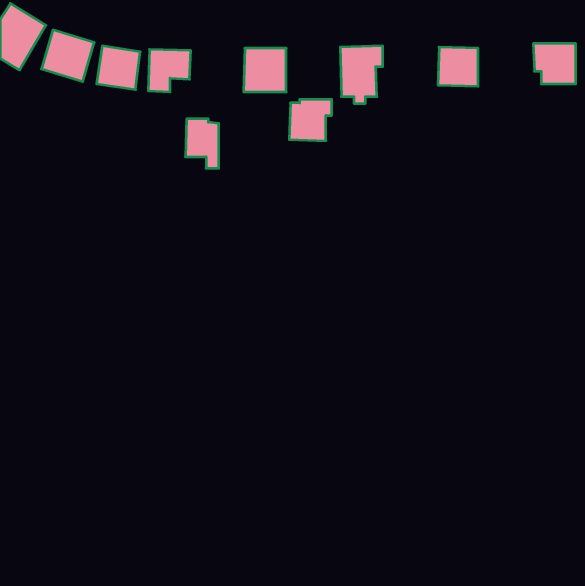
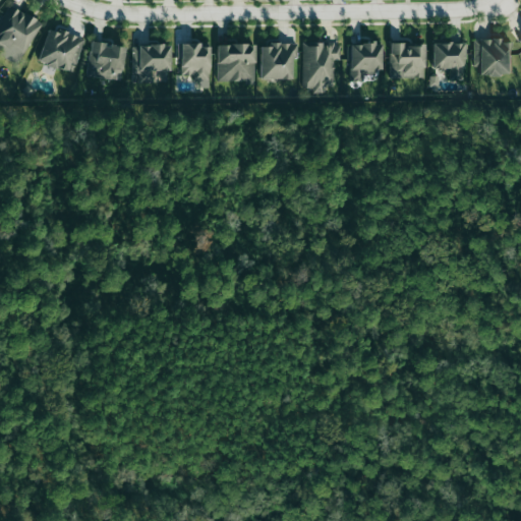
building: none -> [433,41,466,78]
building: none -> [350,42,383,79]
building: [289,99,332,141] -> [260,42,298,78]
building: [185,119,219,168] -> [181,42,211,85]

